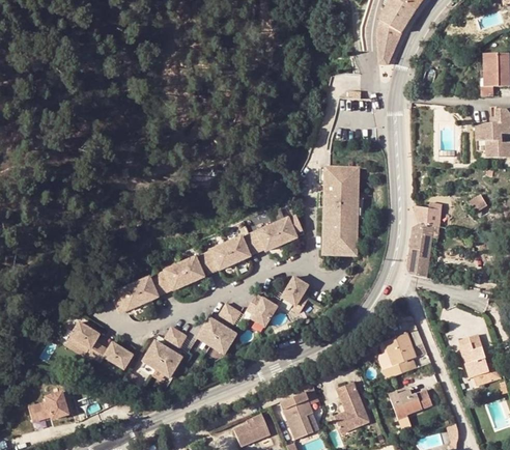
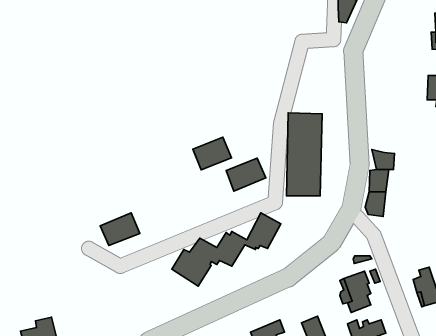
building: [207,232,250,269] -> [193,137,231,170]
building: [161,252,205,290] -> none
building: [64,318,188,383] -> none

